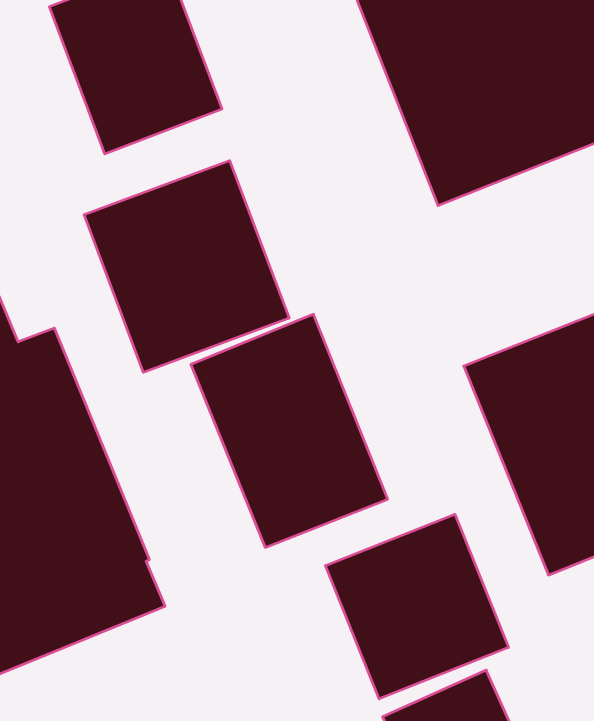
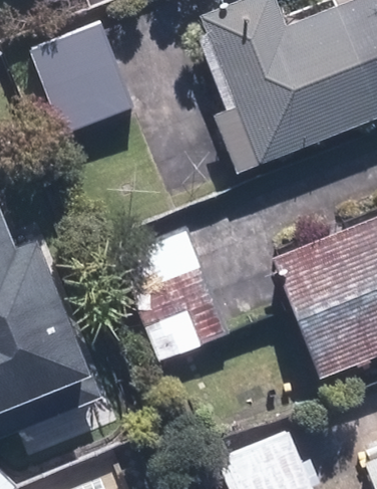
building: [84,161,289,372] -> none
building: [326,514,508,699] -> none

